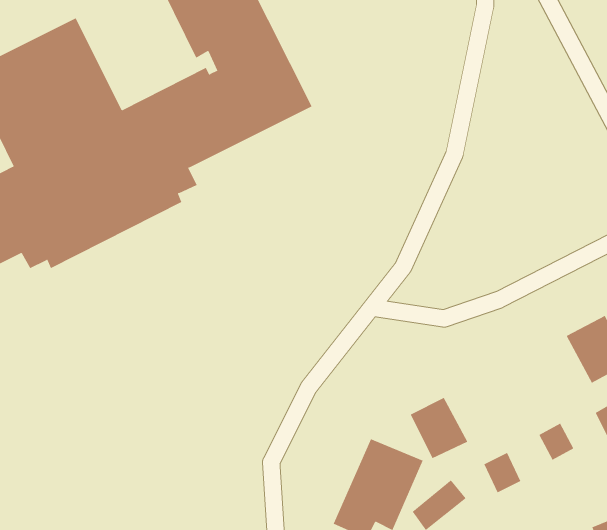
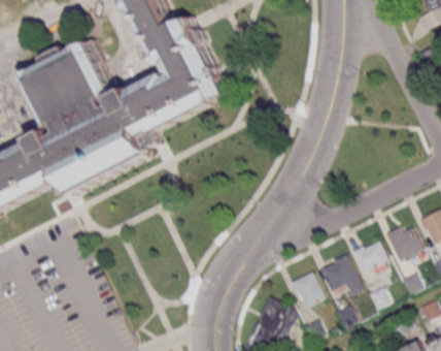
building: none -> [351,237,389,273]
building: none -> [318,253,363,296]

